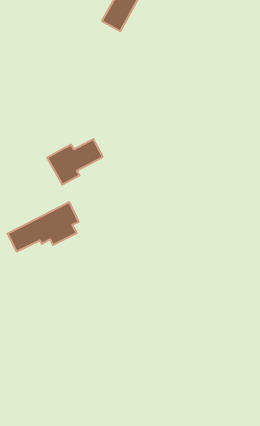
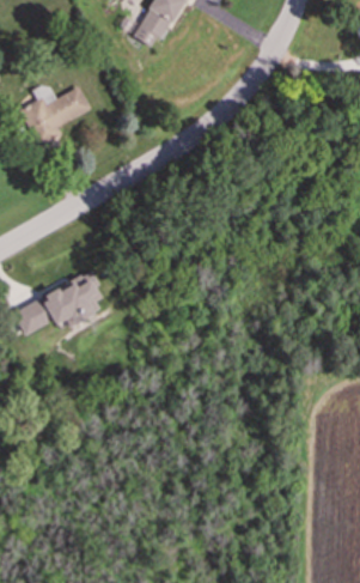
building: [47,139,103,185] -> [19,86,91,145]

